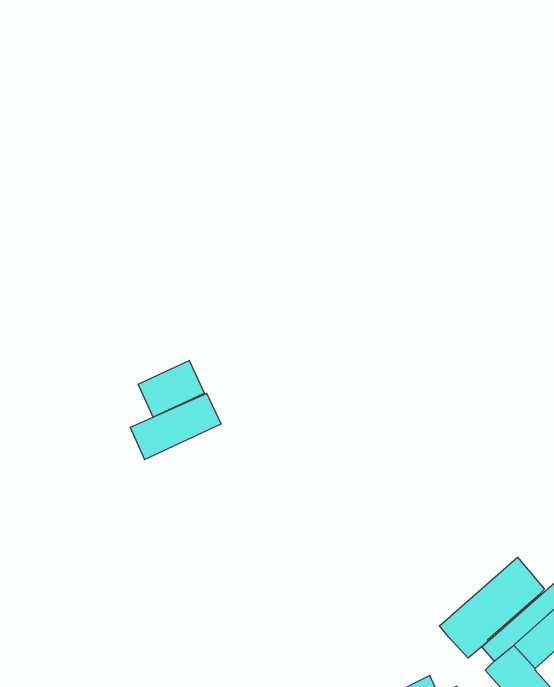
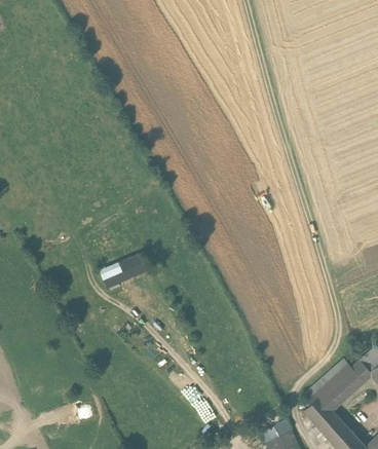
building: [138,360,204,417] -> none
building: [439,557,544,658] -> none

